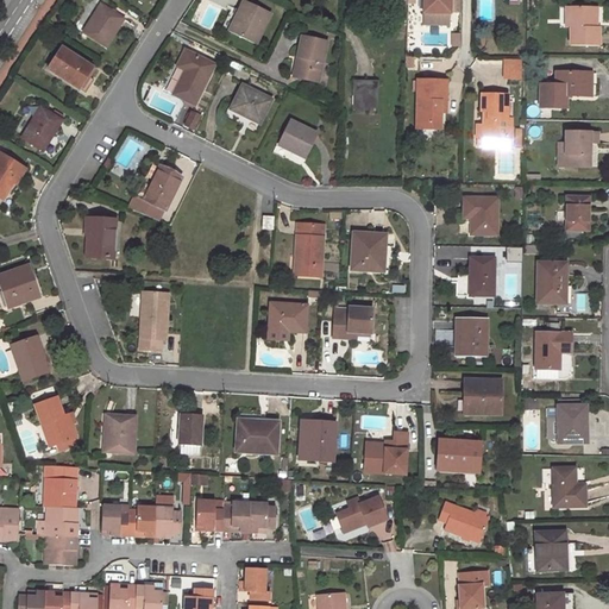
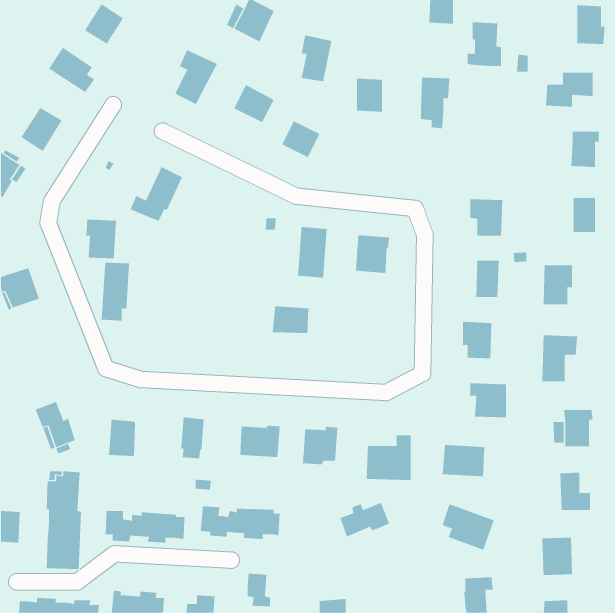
building: [476,89,510,133] -> [467,22,502,66]
building: [139,291,168,350] -> [101,262,130,321]
building: [333,307,372,335] -> none
building: [11,337,49,379] -> none

